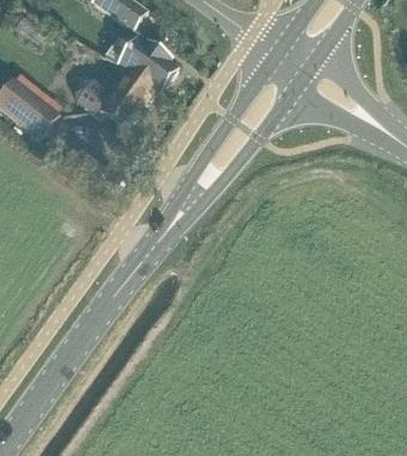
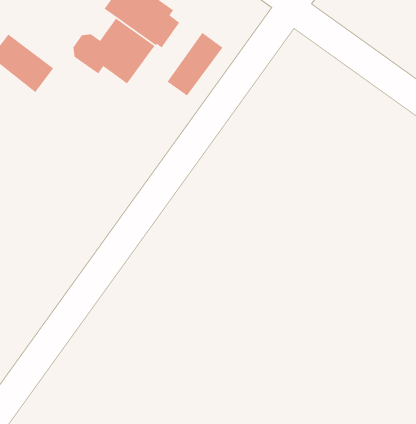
building: none -> [166,32,223,97]

